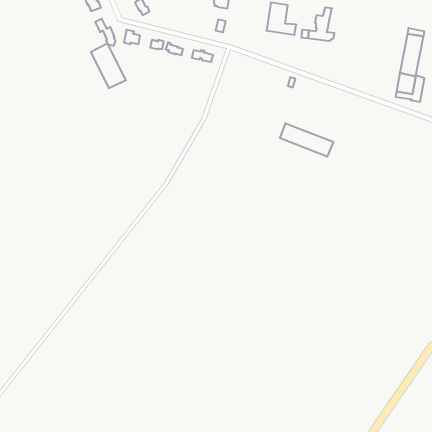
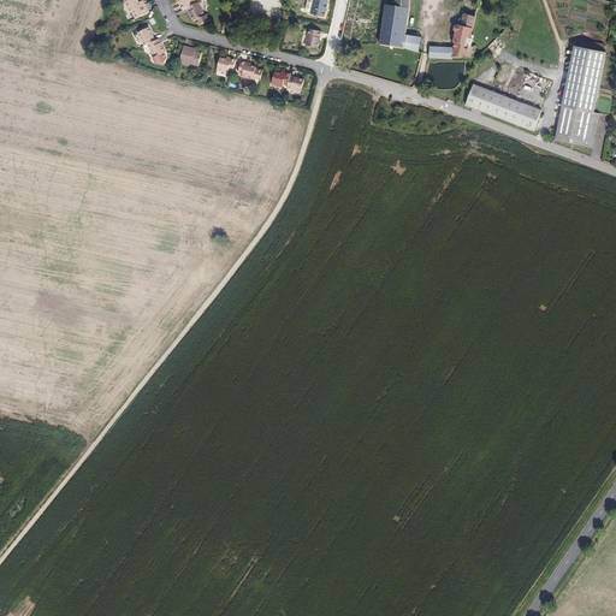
building: [91,43,126,88] -> none
building: [280,123,333,157] -> [464,82,540,129]

